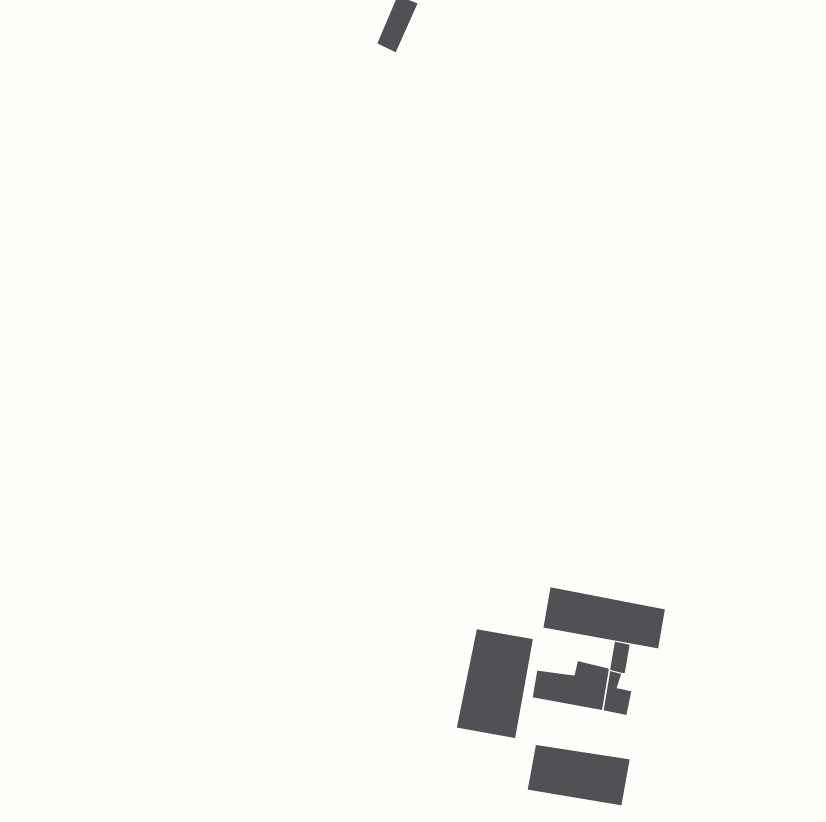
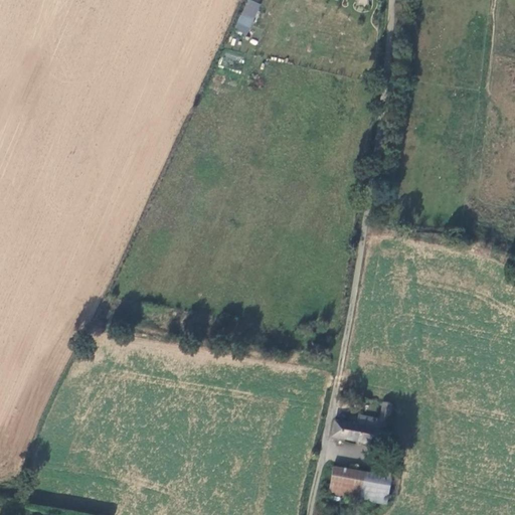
building: [543,587,665,649] -> none
building: [456,628,534,739] -> none

